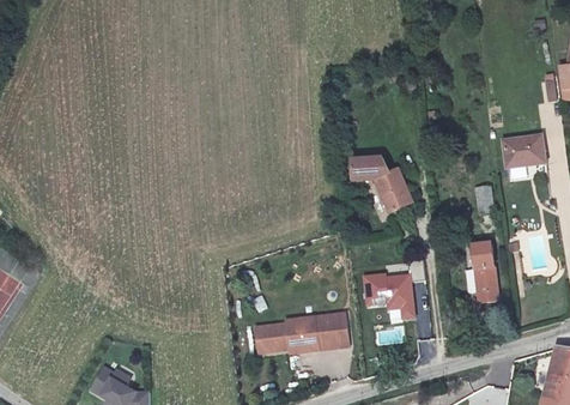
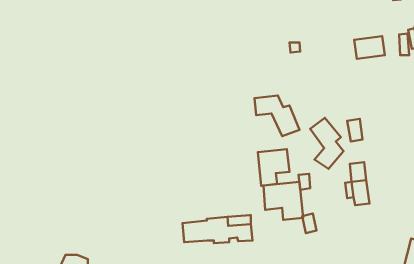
building: [508,135,548,165] -> [354,36,385,59]
building: none -> [310,118,343,169]
building: none -> [258,149,290,186]

